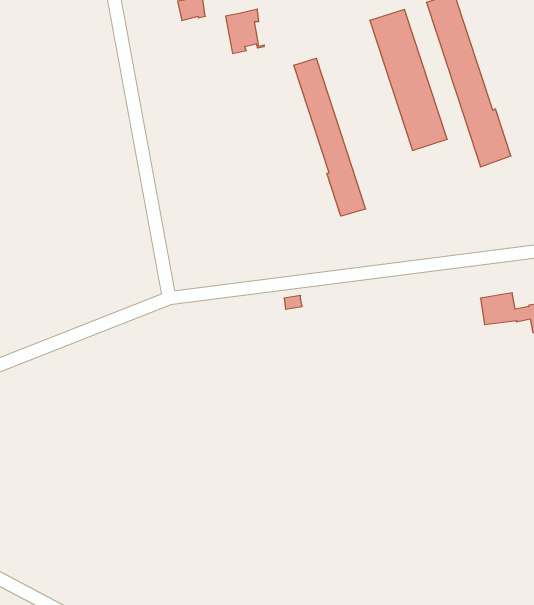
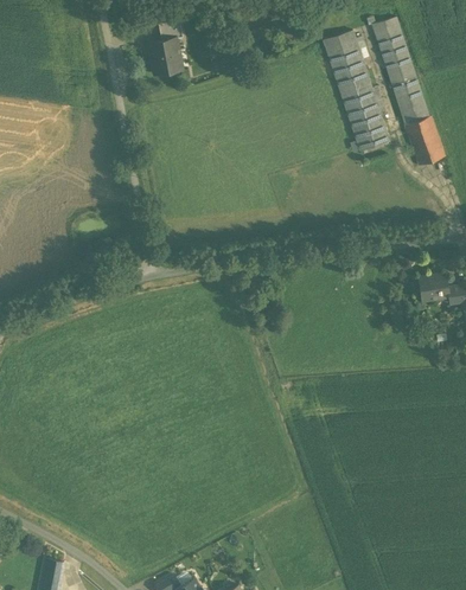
building: [226,9,264,53] -> [149,38,183,76]
building: [294,58,366,216] -> none

